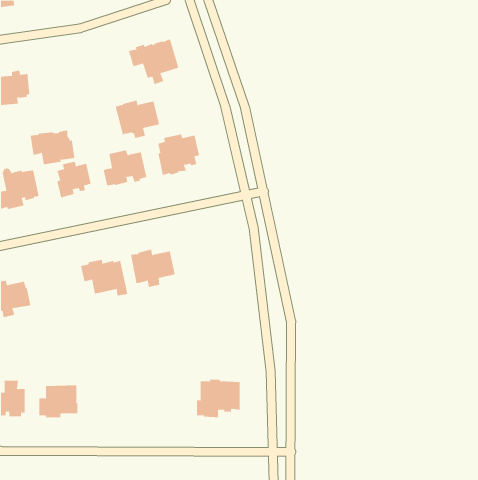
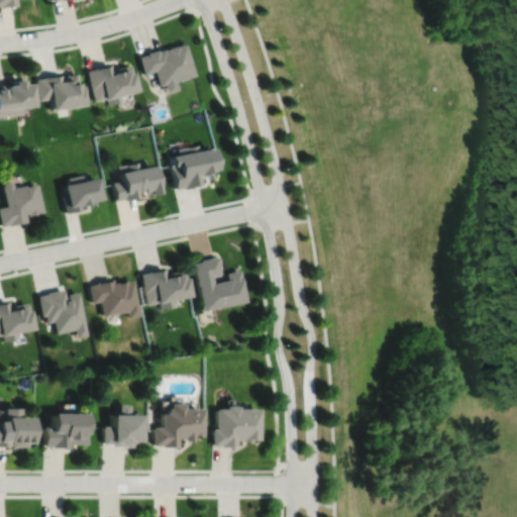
building: [115,100,160,139] -> [90,64,138,105]
building: [30,130,75,165] -> [39,73,88,110]
building: none -> [195,257,248,312]
building: none -> [41,290,89,339]
building: none -> [154,405,204,448]
building: none -> [104,406,141,448]

